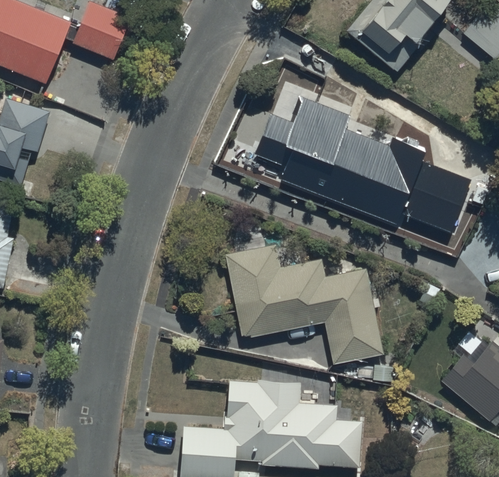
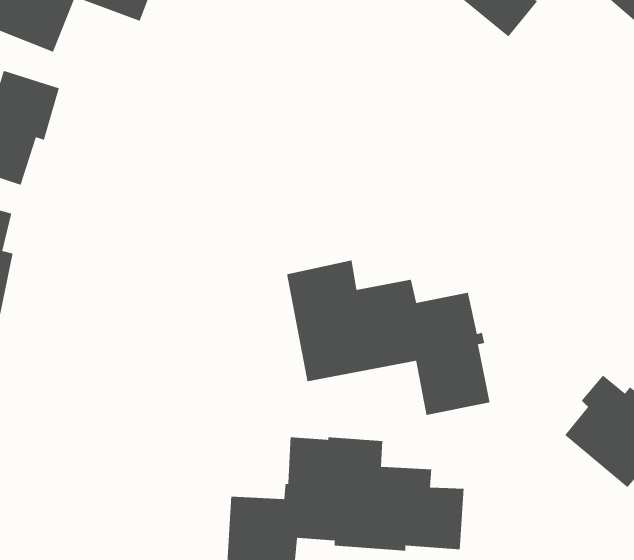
building: [254,98,471,230] -> none

